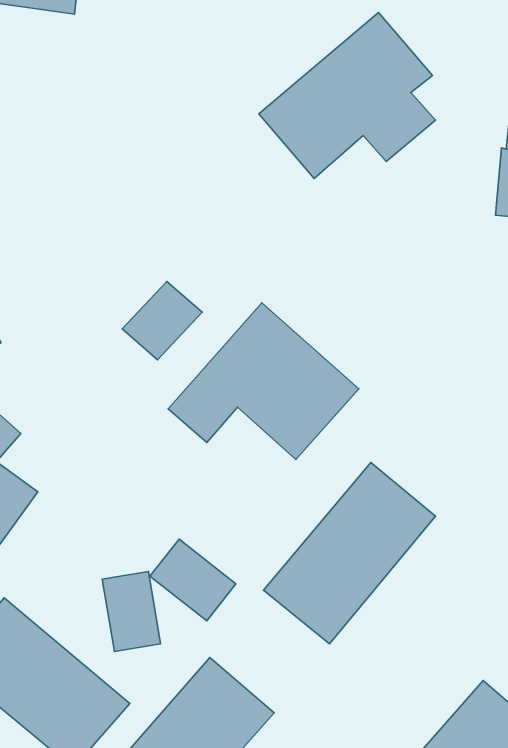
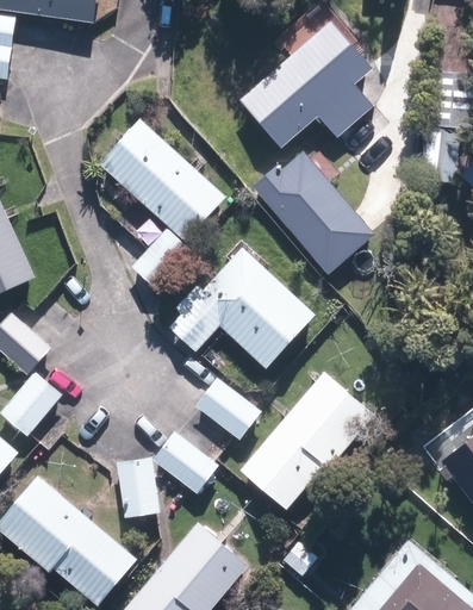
building: none -> [98,117,226,242]
building: none -> [251,151,374,273]
building: none -> [195,376,261,438]

